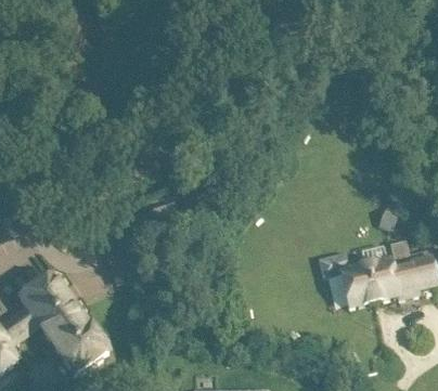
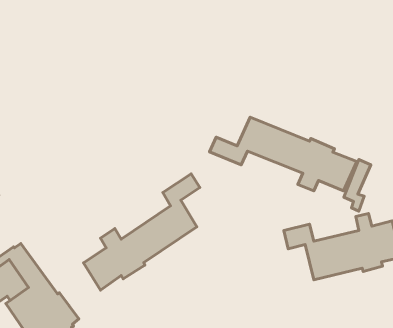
building: none -> [210,117,357,191]
building: none -> [84,174,200,290]

